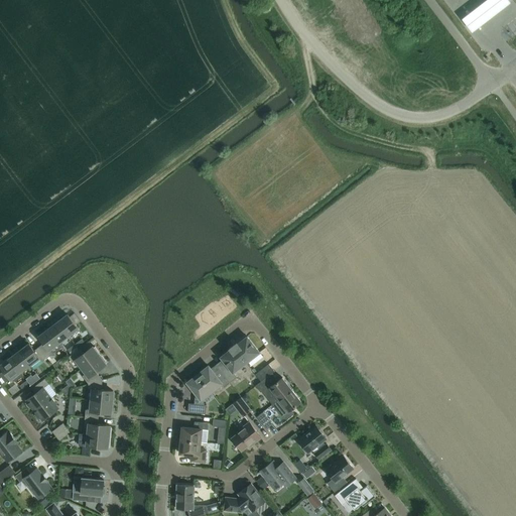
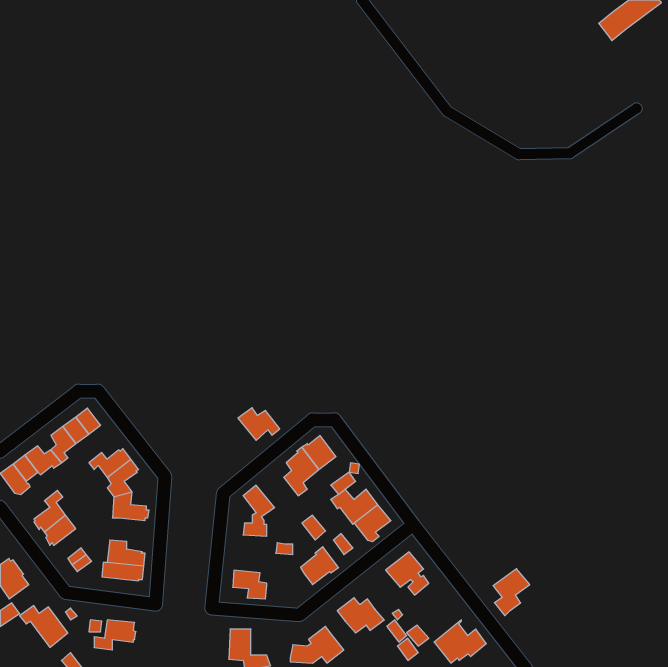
building: [198,367,230,392] -> [238,408,280,440]
building: [85,400,113,418] -> none
building: [180,422,209,442] -> none
building: [326,457,354,493] -> [493,569,530,616]

